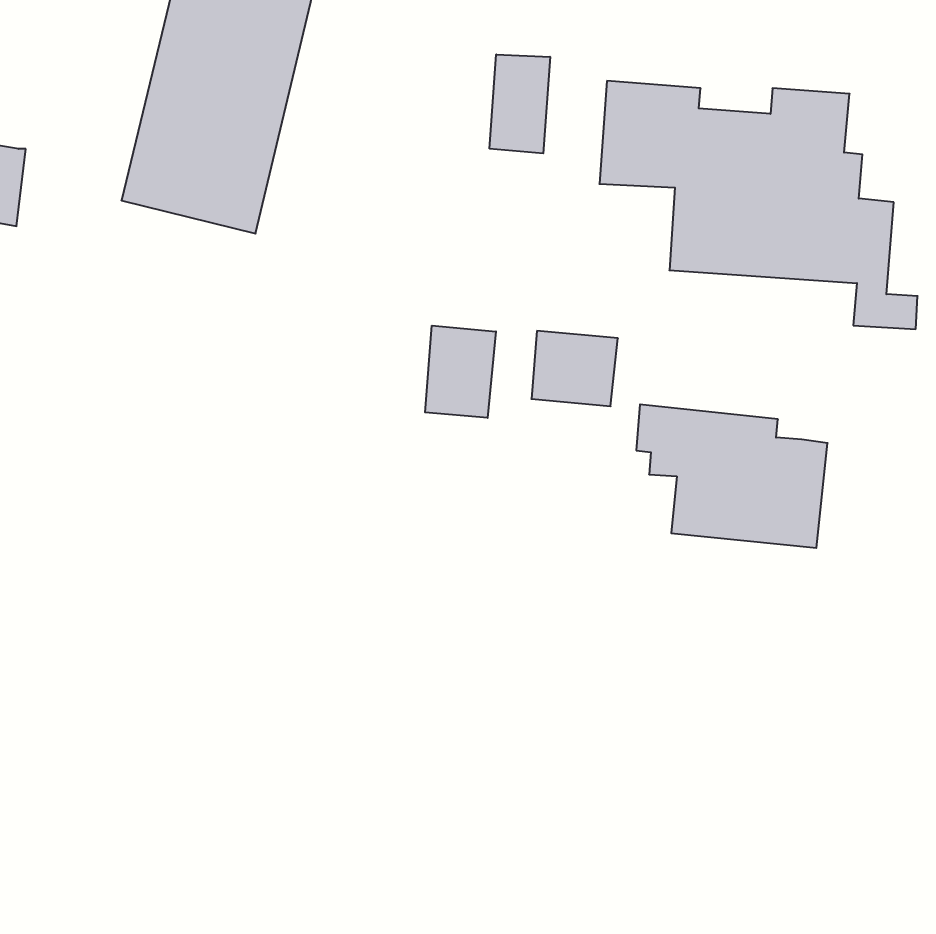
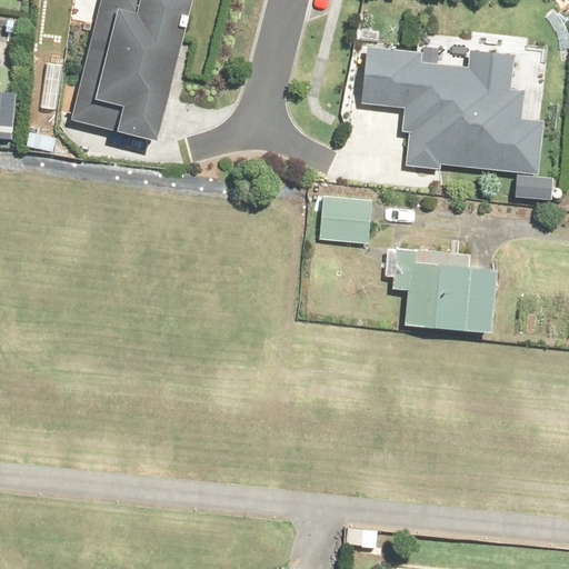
building: [490,54,550,153] -> none
building: [425,326,496,418] -> none

